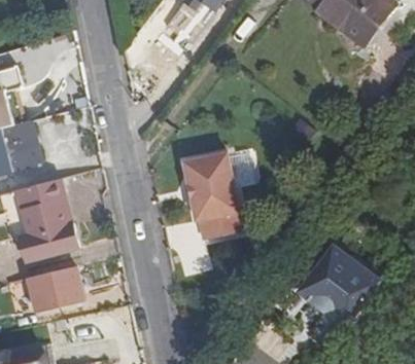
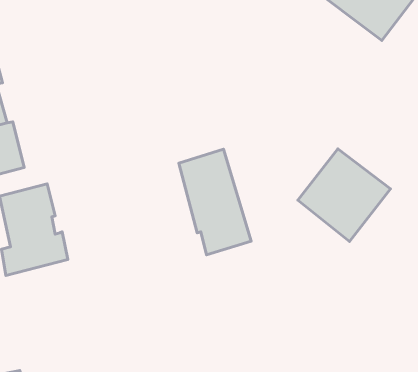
building: [298,245,381,328] -> [298,149,391,242]
building: [29,266,81,311] -> none

